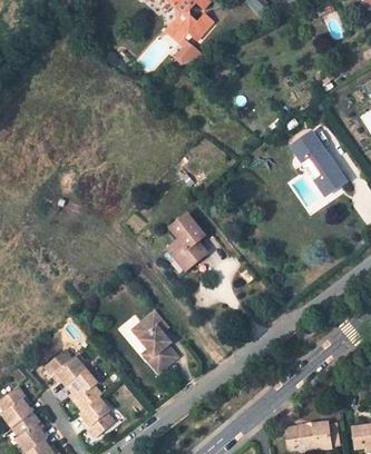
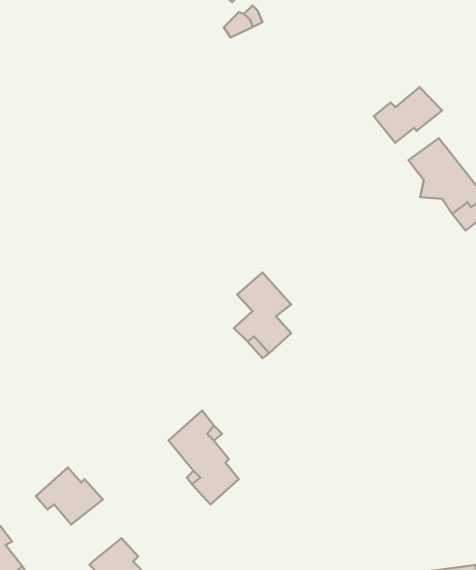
building: none -> [374,87,442,143]
building: [65,372,100,413] -> none

